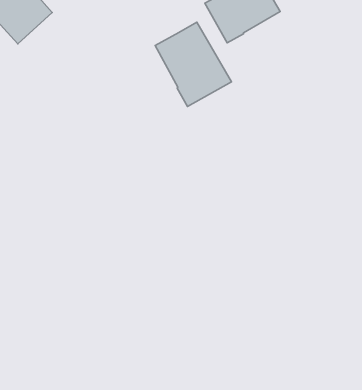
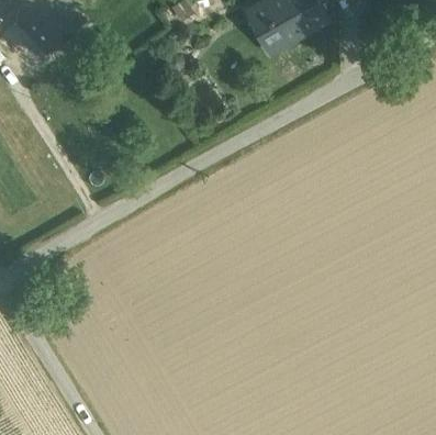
building: [155,22,231,106] -> none

